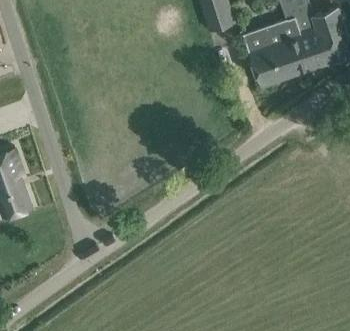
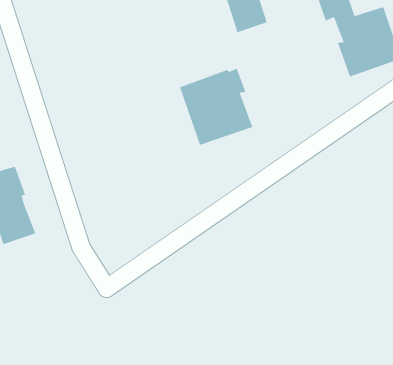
building: [243,18,308,86] -> [179,68,253,145]

